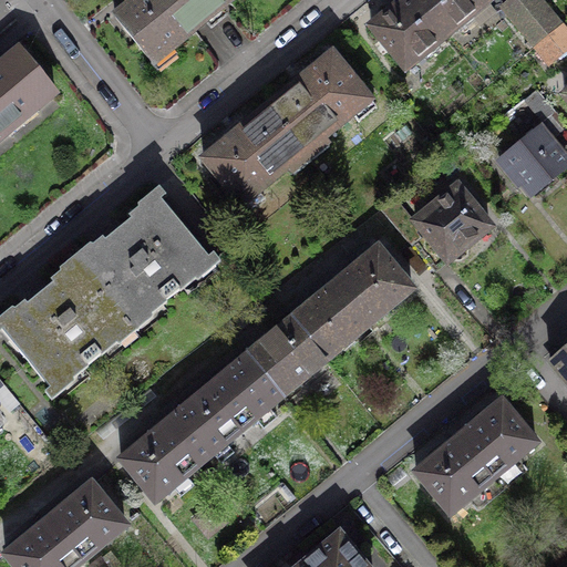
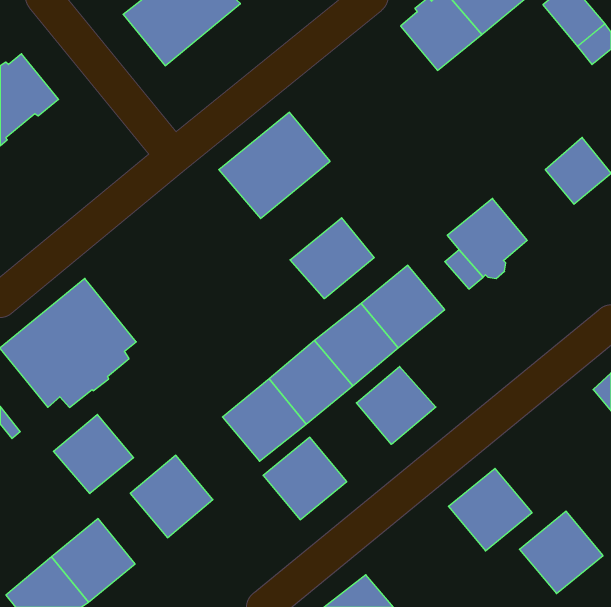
building: [268,52,370,150] -> none
building: [79,194,203,317] -> none
building: none -> [290,218,374,299]
building: none -> [356,366,436,444]
building: none -> [53,414,134,494]
building: [163,386,240,463] -> [263,437,347,520]
building: [458,399,536,475] -> [519,511,603,594]

